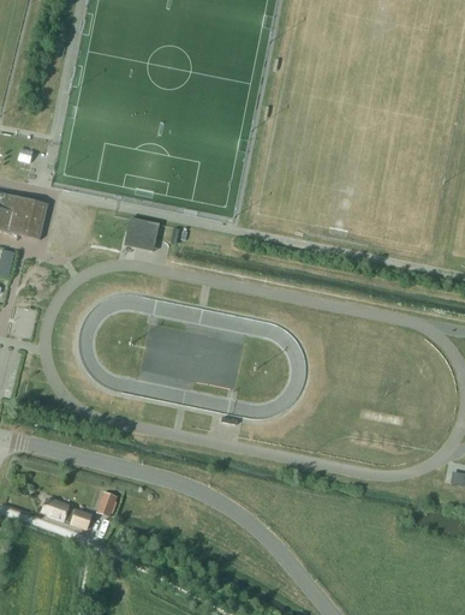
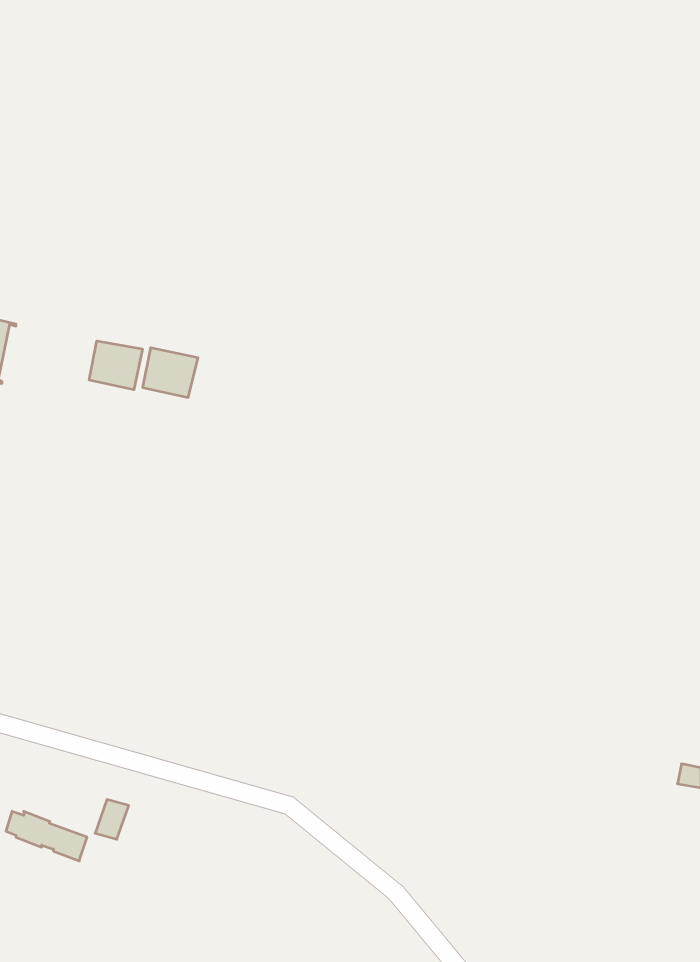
building: none -> [89,341,142,390]

